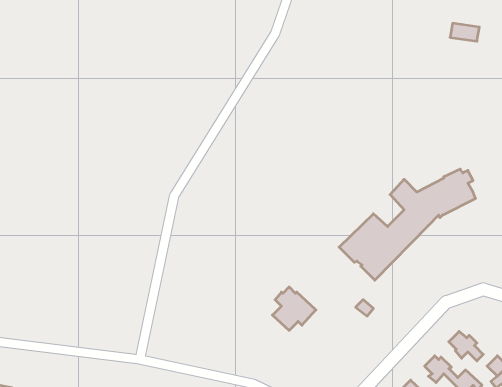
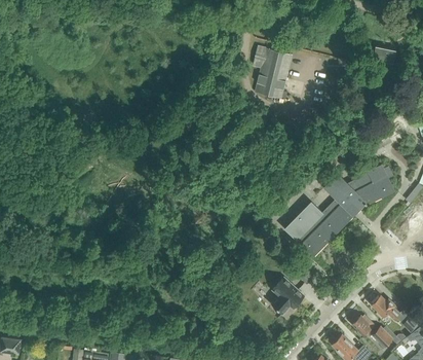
building: none -> [253,47,292,100]
building: [272,287,316,330] -> [269,280,304,315]

